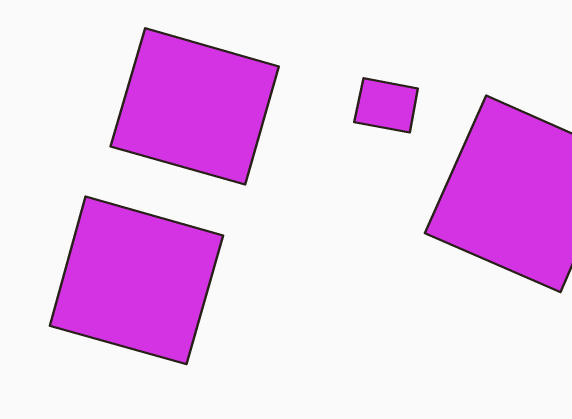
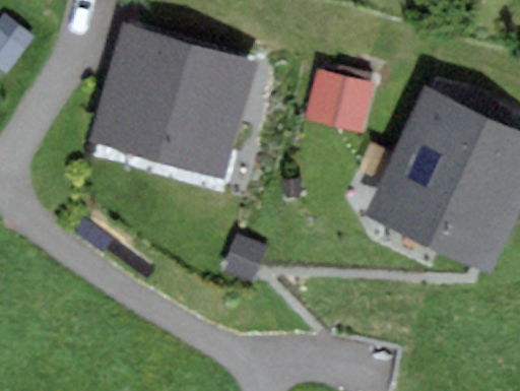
building: [50,196,223,364] -> none

